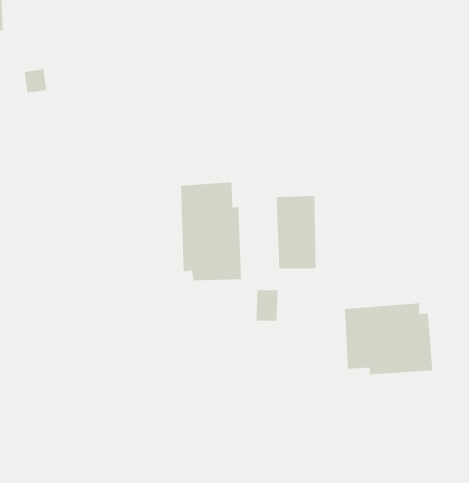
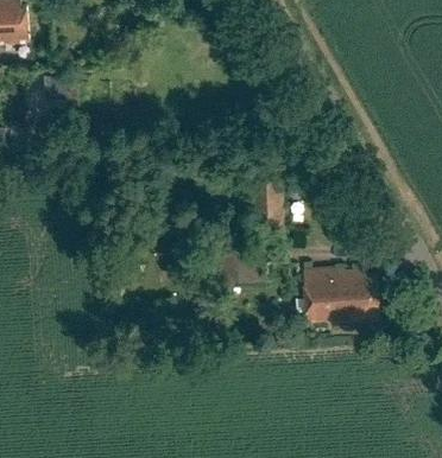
building: [180,182,242,281] -> none

